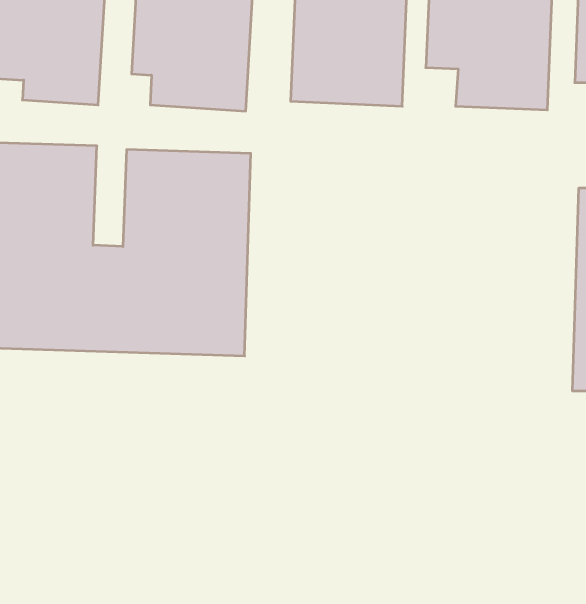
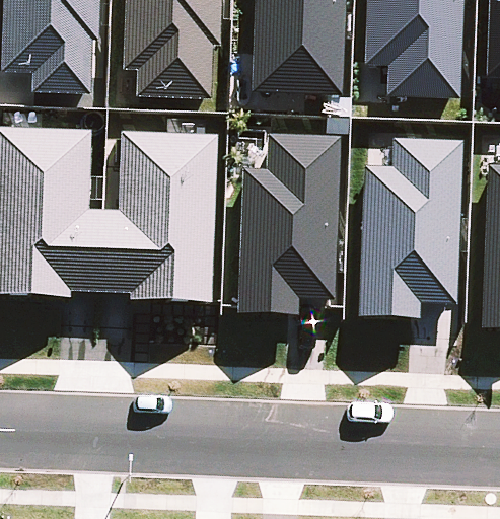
building: none -> [236,132,342,312]
building: none -> [357,135,466,318]

